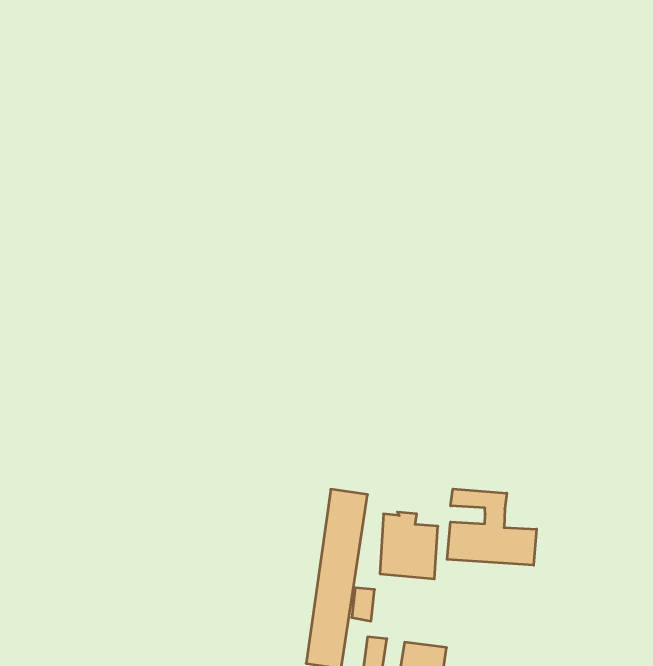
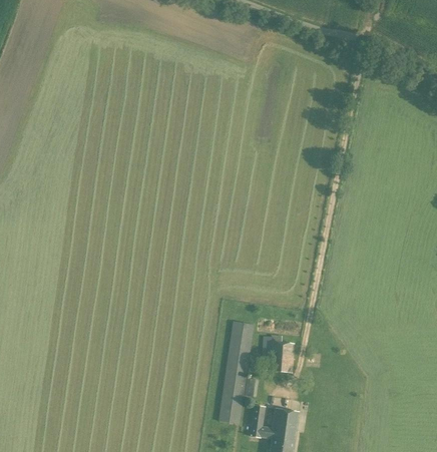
building: [447,489,537,565] -> none

